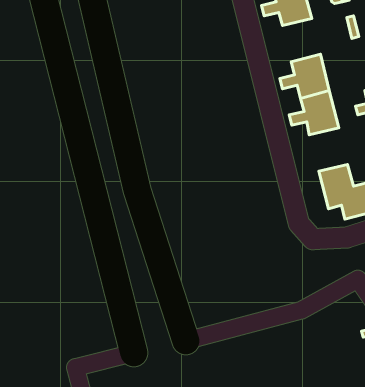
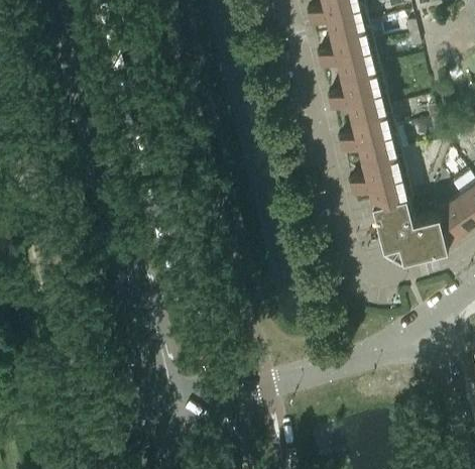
building: none -> [317,29,374,80]
building: none -> [348,156,405,207]

